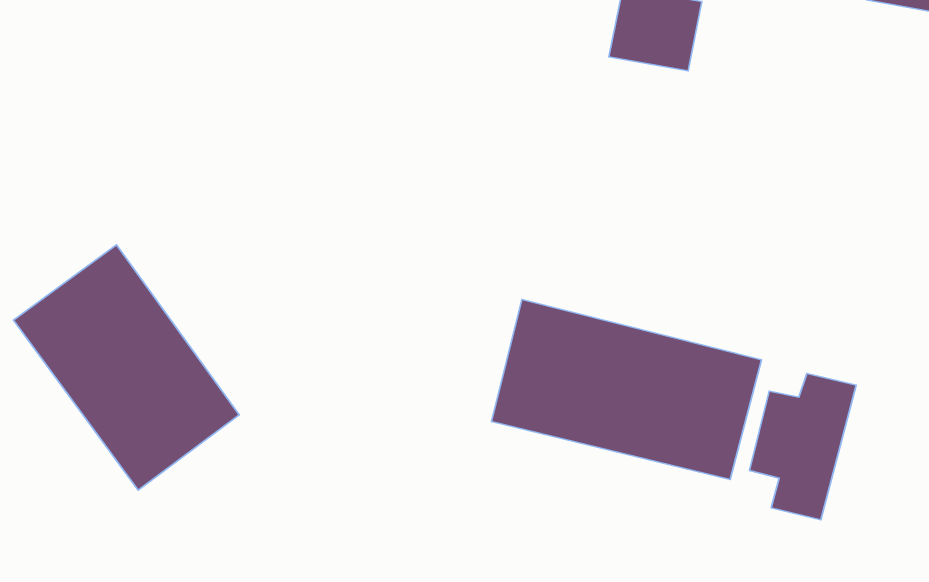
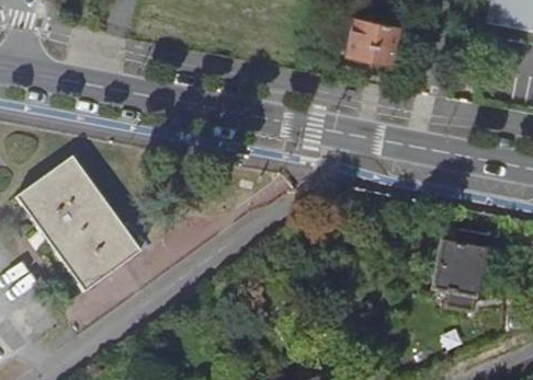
building: [491,300,761,480] -> none

